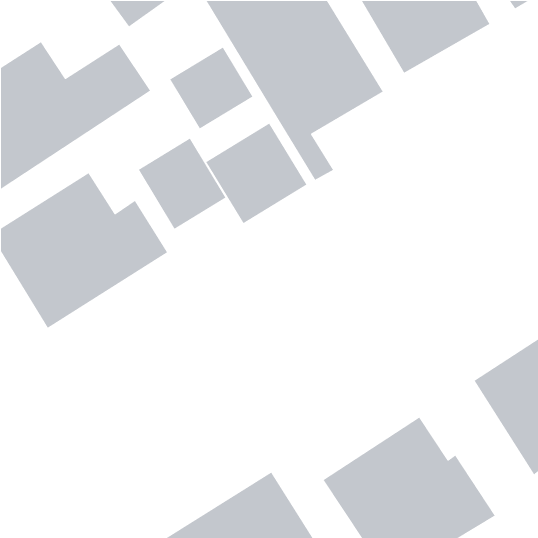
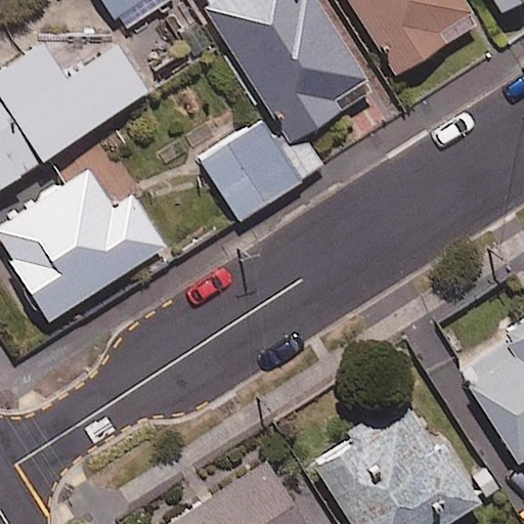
building: [169,47,254,129] -> none
building: [138,138,227,230] -> none

